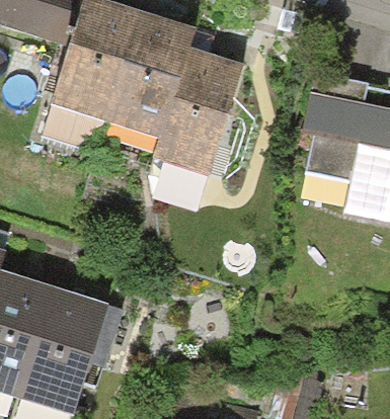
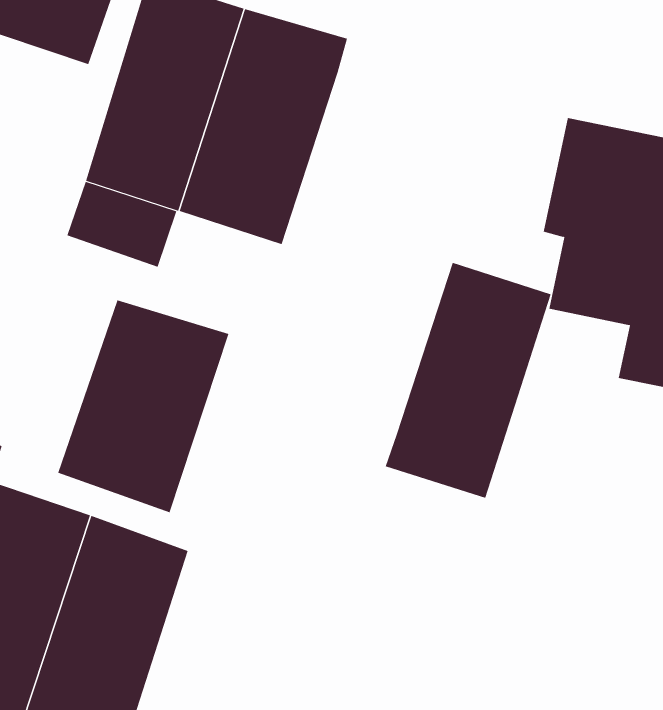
building: [154,48,244,175] -> [385,262,552,499]
building: none -> [57,299,229,513]

